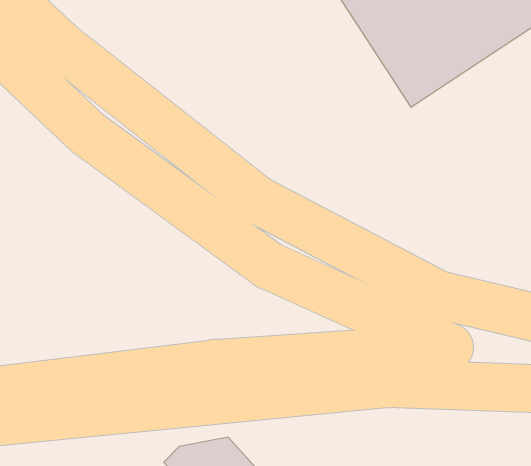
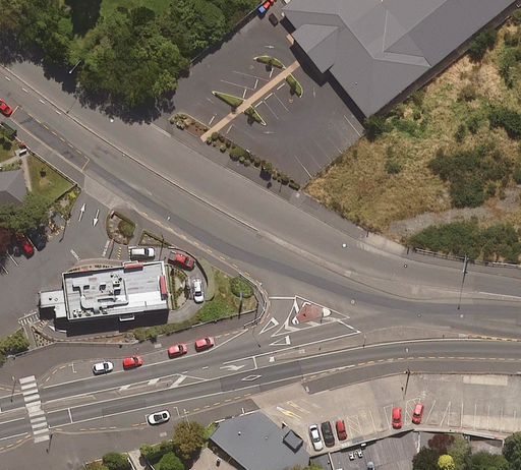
building: none -> [57,261,163,318]

